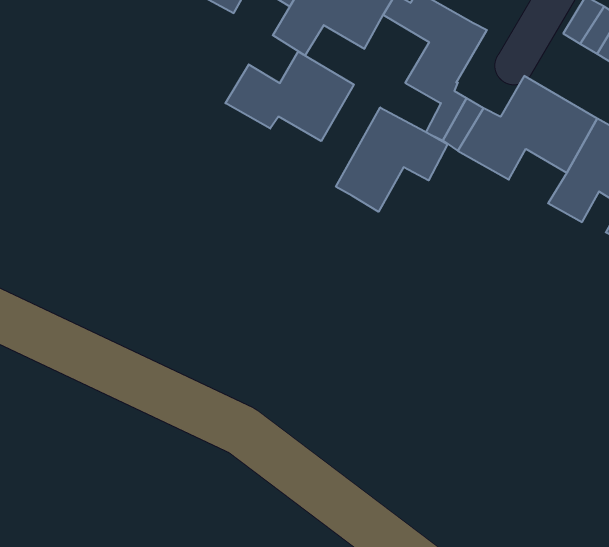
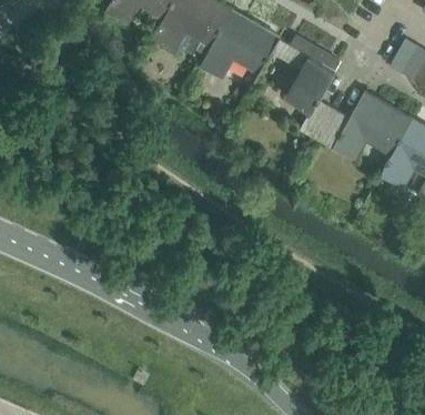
building: [225,52,354,141] -> none
building: [336,107,448,212] -> none

